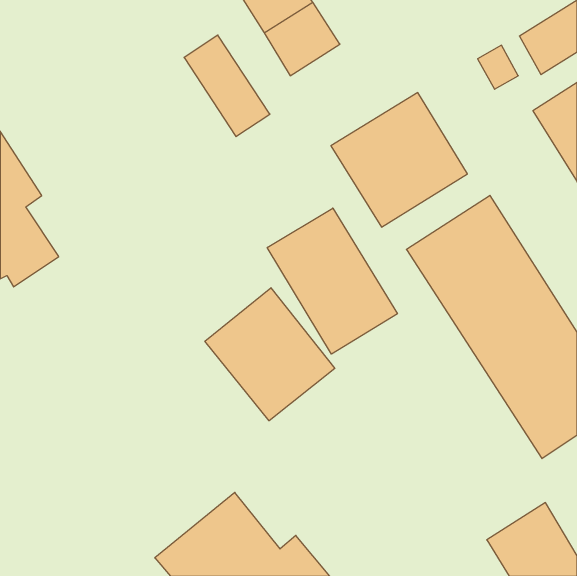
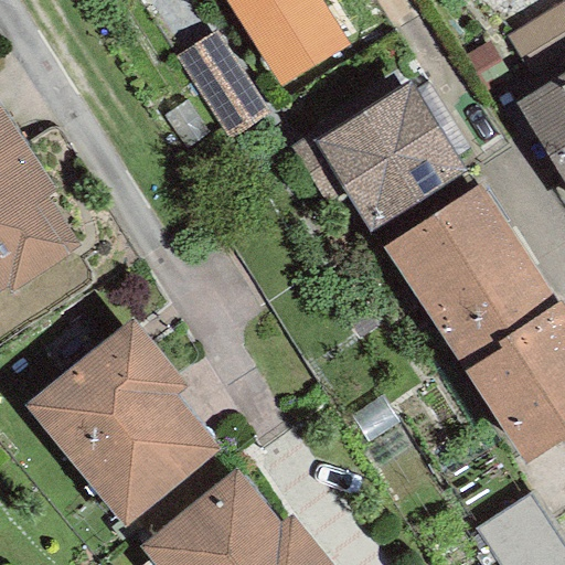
building: [267,208,397,354] -> none
building: [205,288,335,421] -> none
building: none -> [38,330,204,513]

